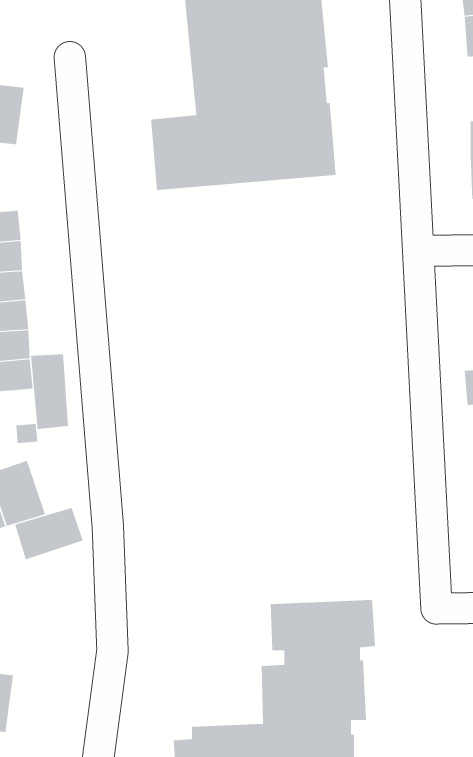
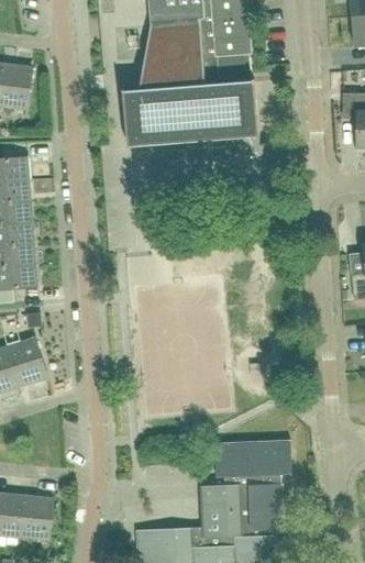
building: [31,353,68,430] -> none
building: [14,507,83,560] -> none
building: none -> [19,495,54,540]

